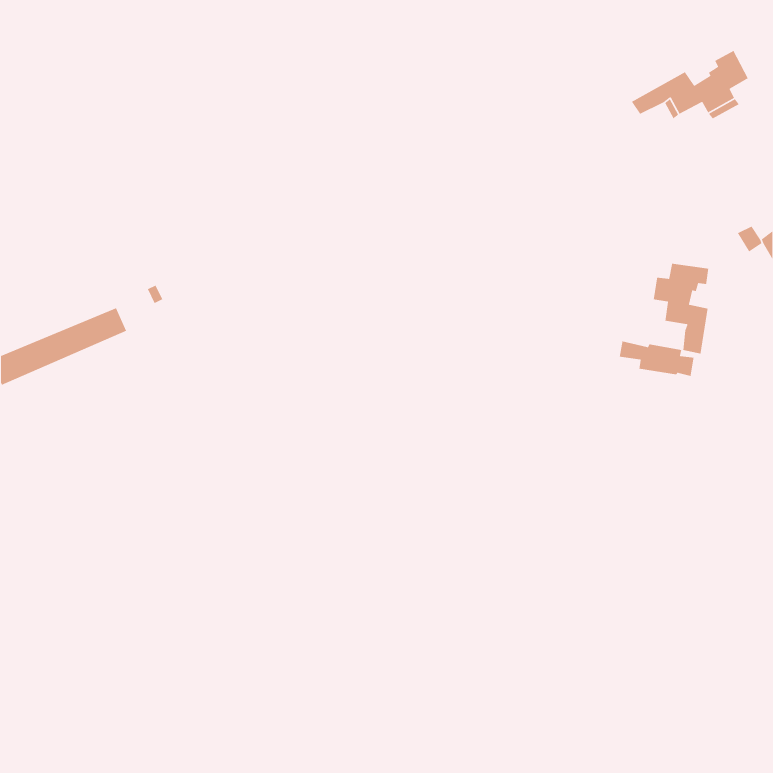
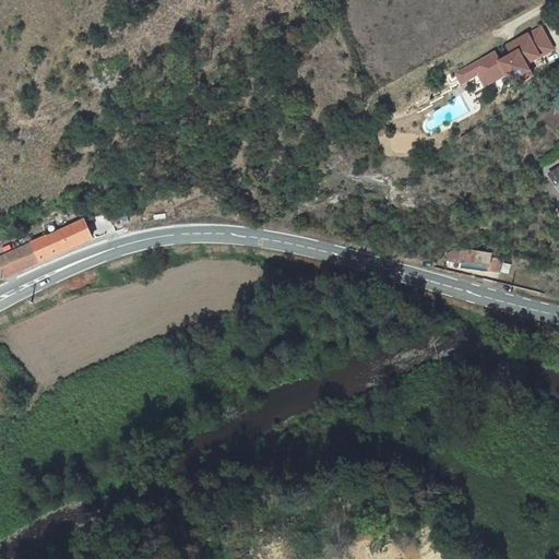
building: none -> [507,26,554,57]
building: [653,263,709,354] -> none

